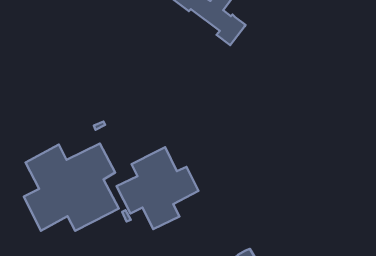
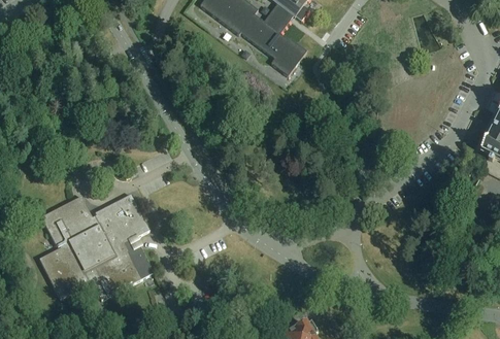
building: [116,147,198,229] -> none

